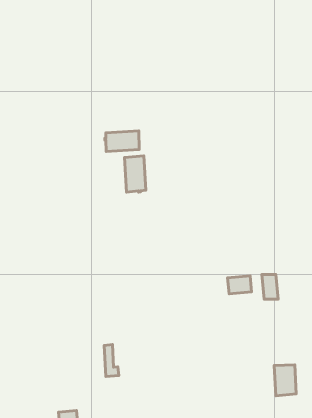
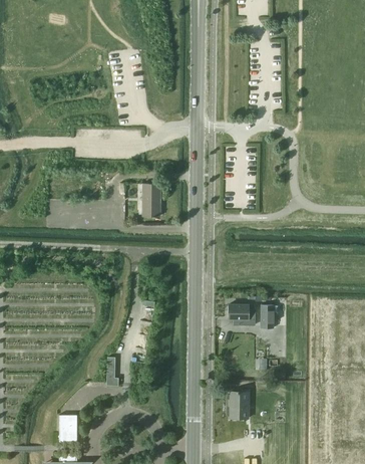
building: [105,131,139,152] -> none
building: [274,365,296,396] -> [229,391,249,419]

